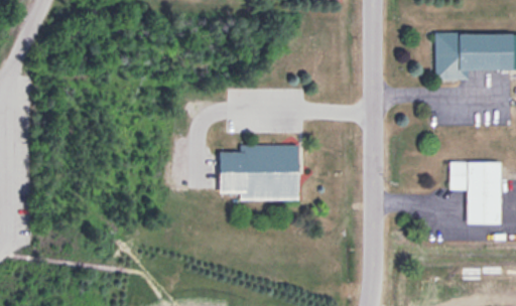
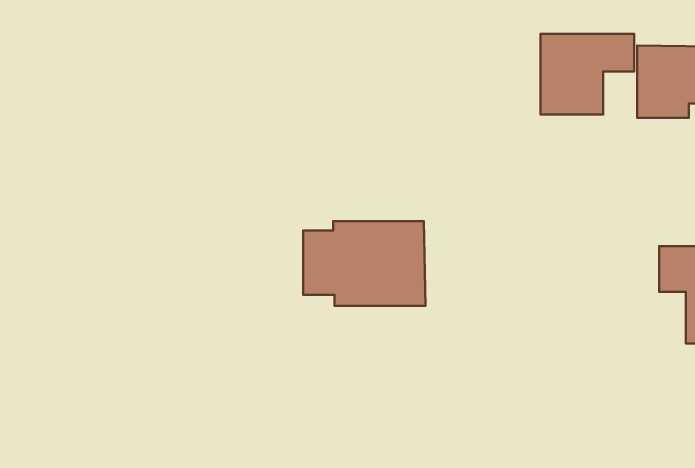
building: none -> [541,34,634,114]

